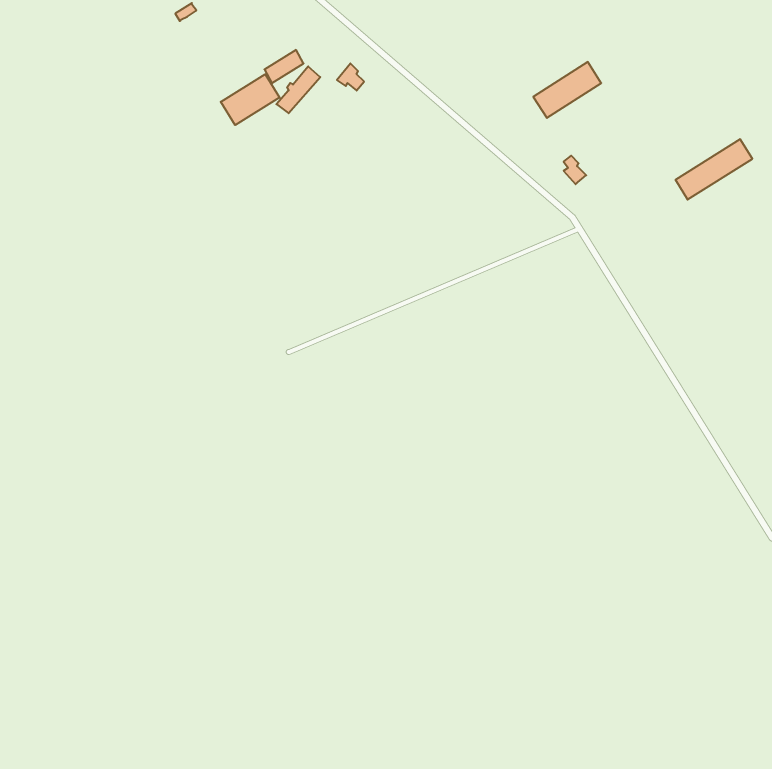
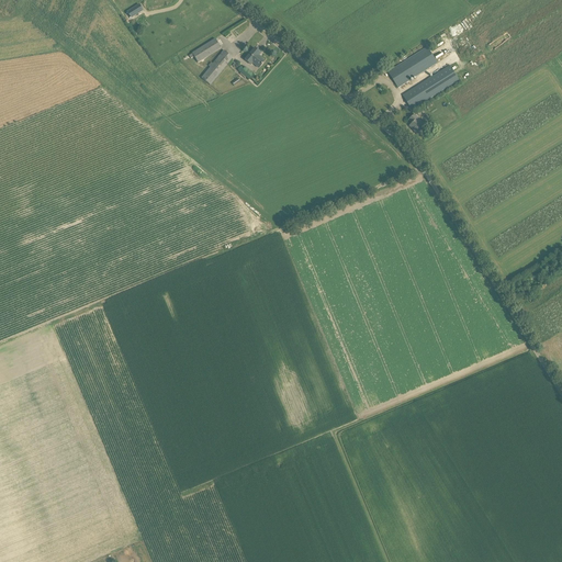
building: [221,74,280,125] -> none
building: [675,139,752,200] -> [403,64,459,108]

